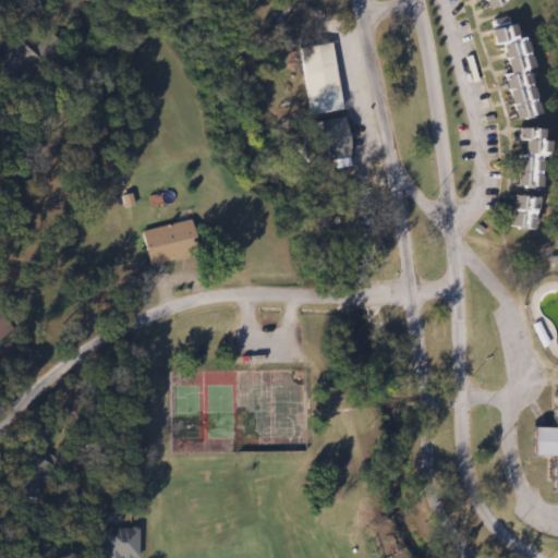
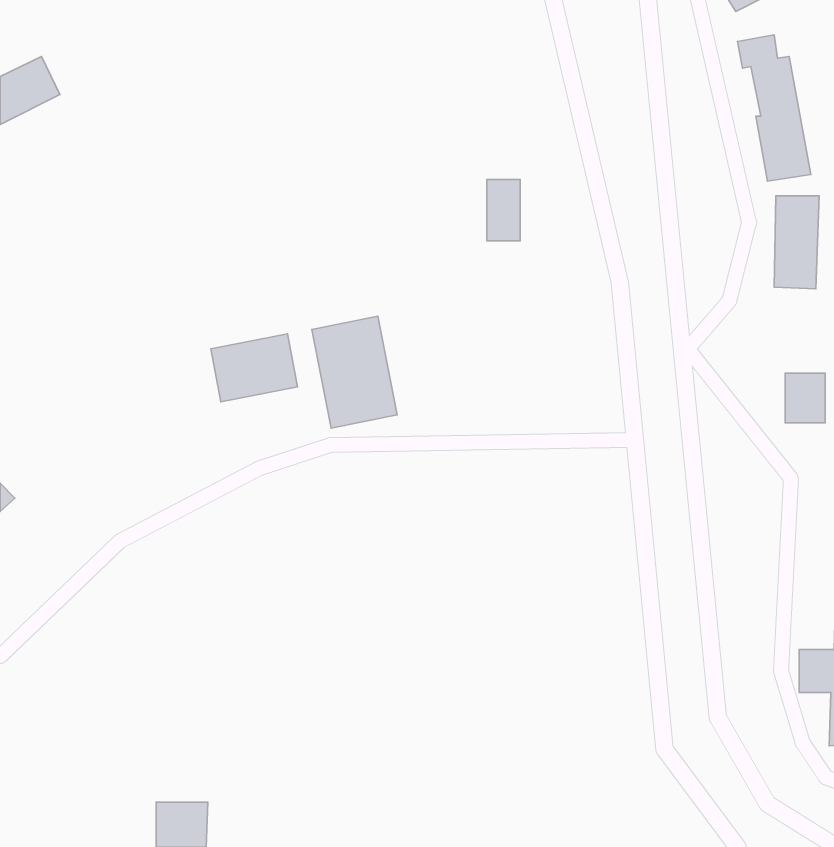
building: [305,43,348,113] -> none
building: [512,196,538,229] -> [785,373,825,423]
building: none -> [312,316,397,428]

